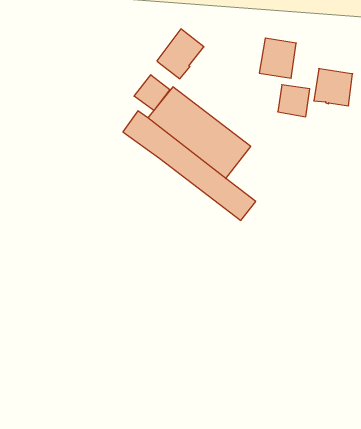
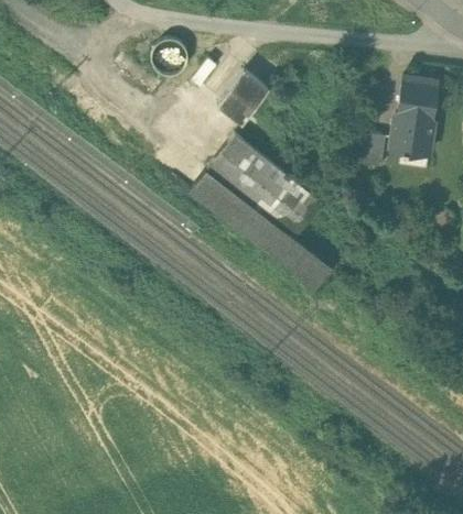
building: [259,38,296,78] -> [397,77,438,121]
building: [134,75,170,110] -> none

